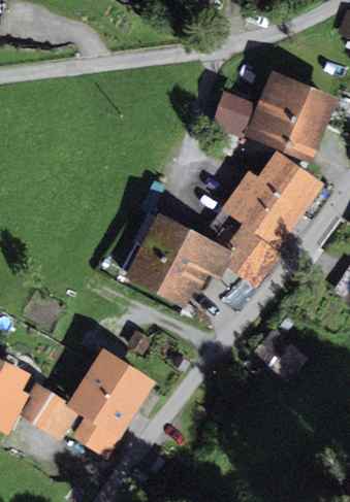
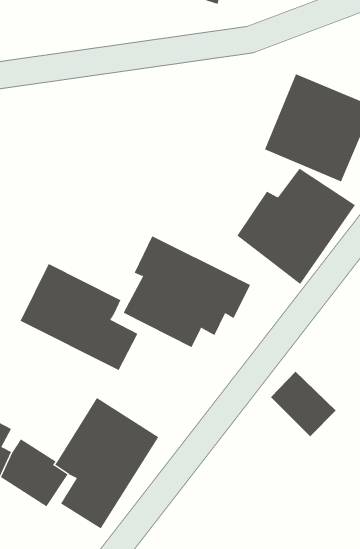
building: [210,91,255,138] -> none
building: [223,223,282,287] -> none
building: none -> [20,263,138,371]

